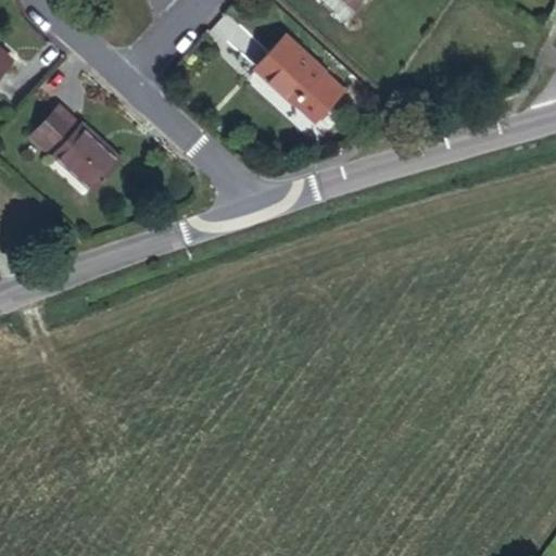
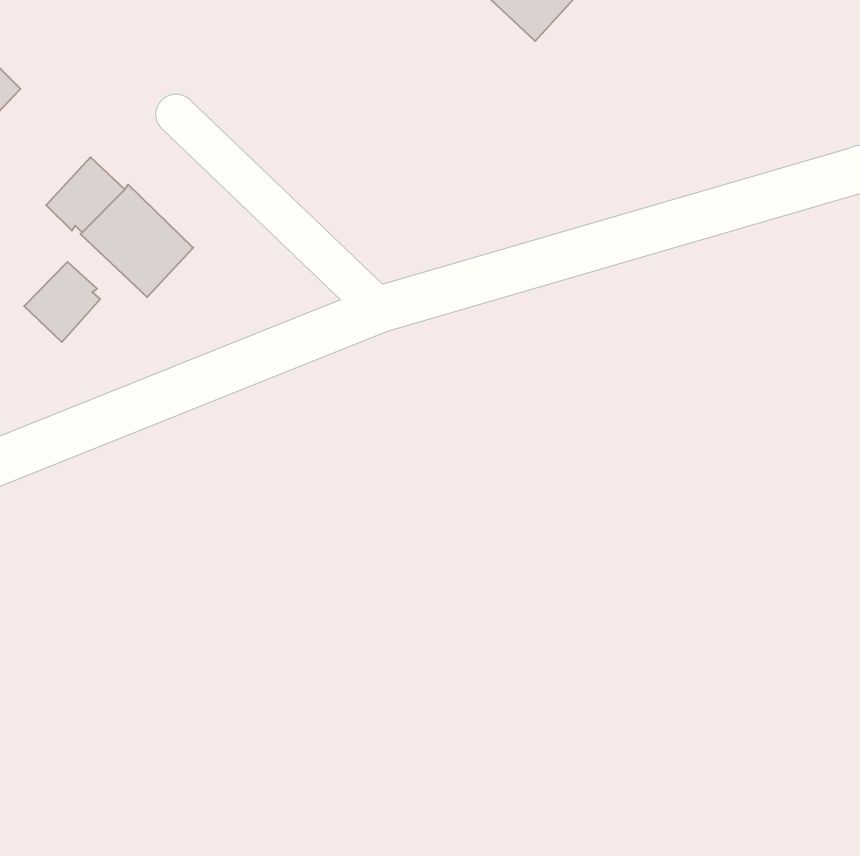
building: [260,45,332,117] -> none
building: none -> [24,262,100,342]

